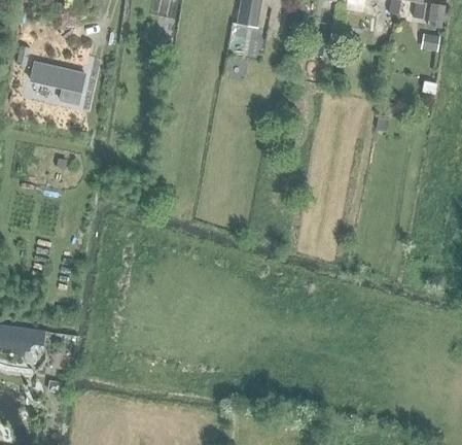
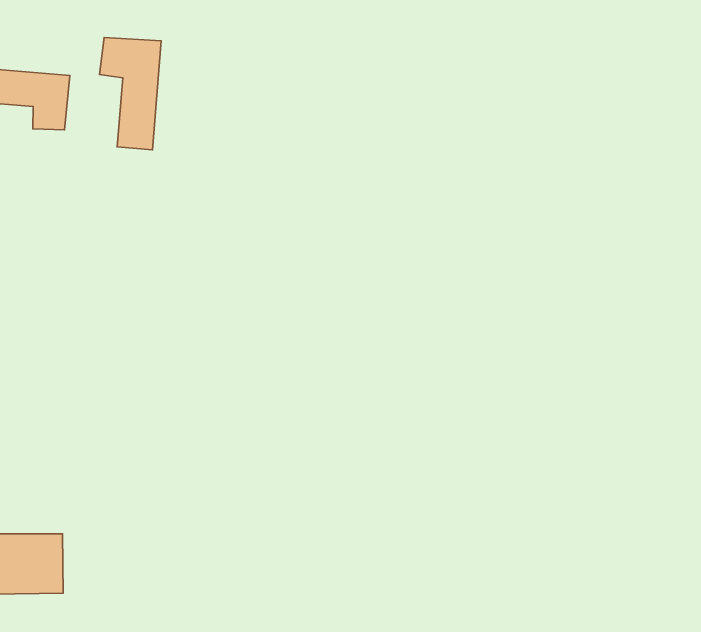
building: none -> [100,37,161,150]

